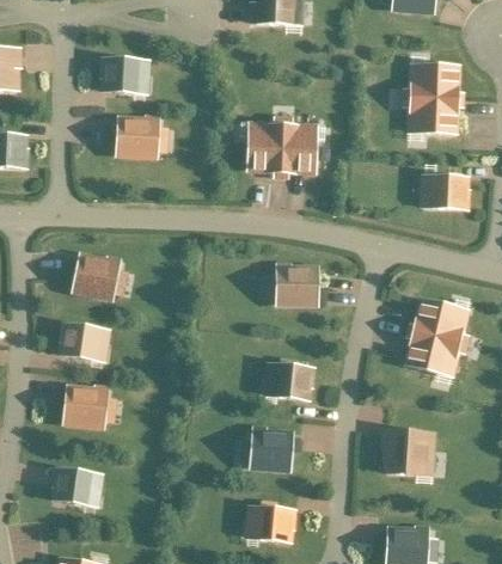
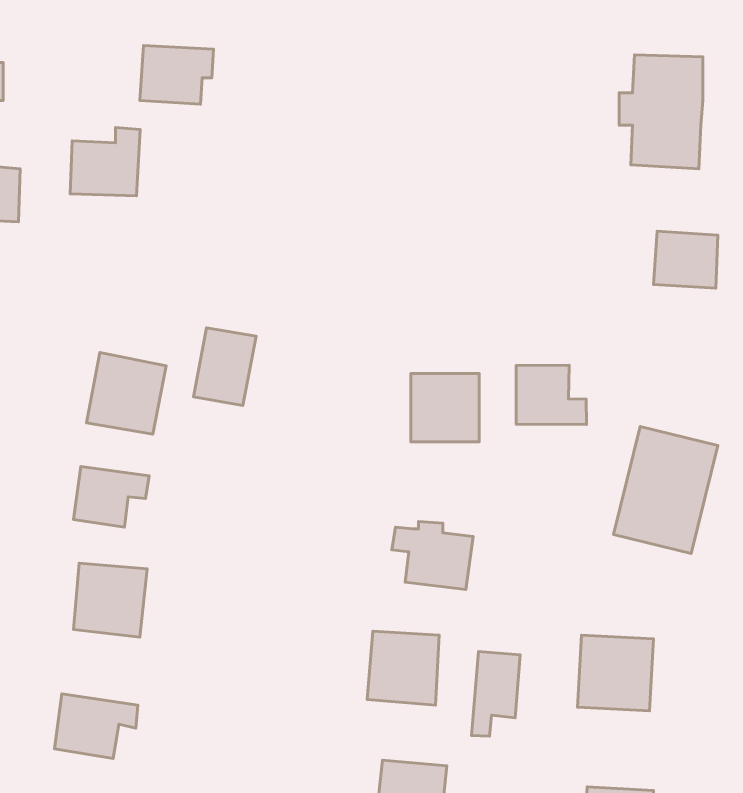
building: [115,115,159,158] -> [70,128,140,196]
building: [246,121,317,174] -> none
building: none -> [194,328,256,405]
building: none -> [516,365,587,424]
building: none -> [471,651,520,736]

